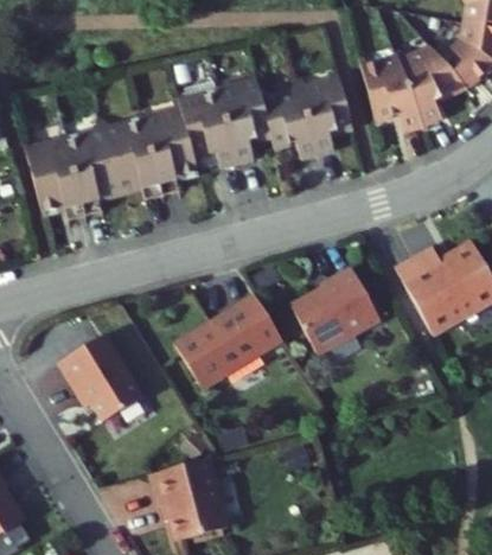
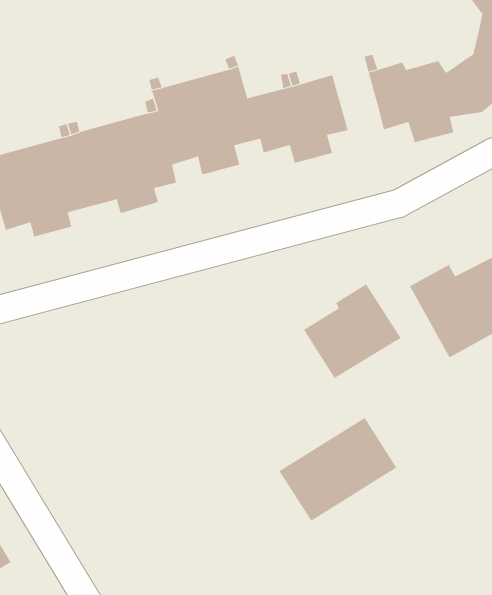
building: [180,295,289,391] -> [279,417,397,522]
building: [63,339,147,426] -> none
building: [155,460,234,543] -> none

